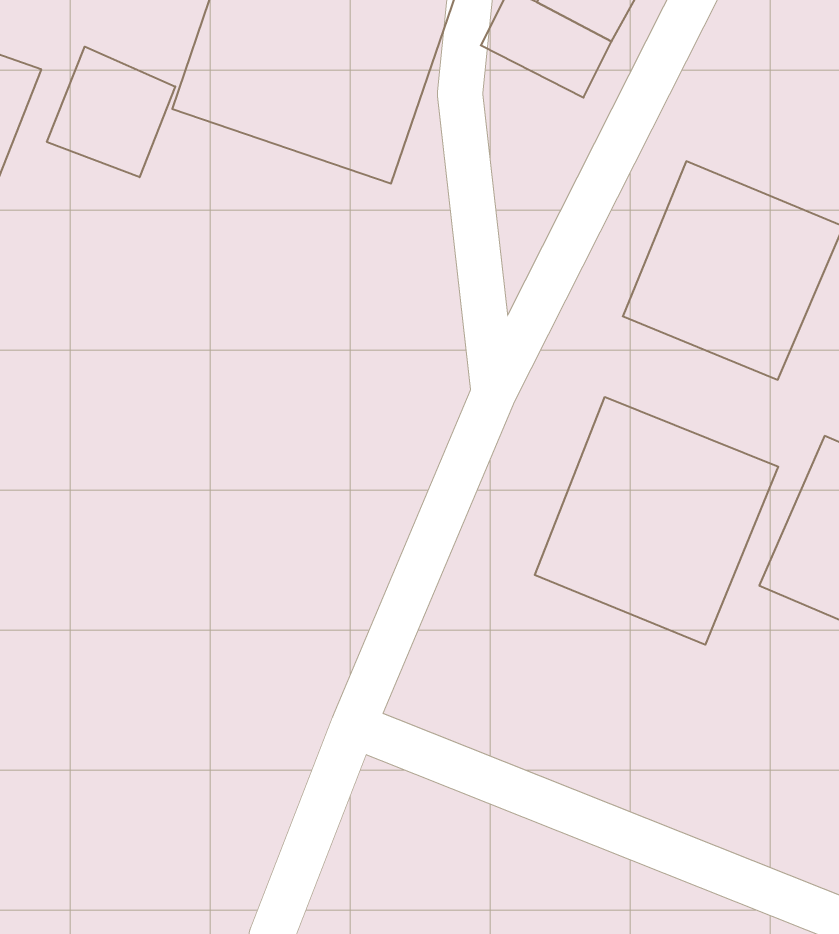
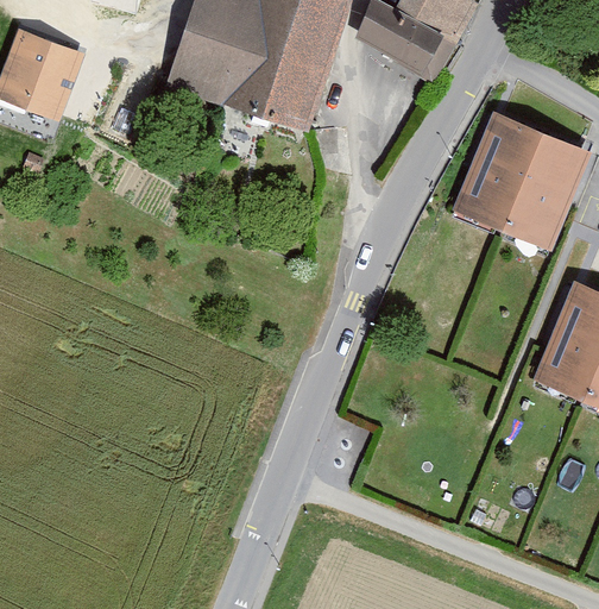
building: [47,47,175,177] -> none
building: [535,397,778,645] -> none

